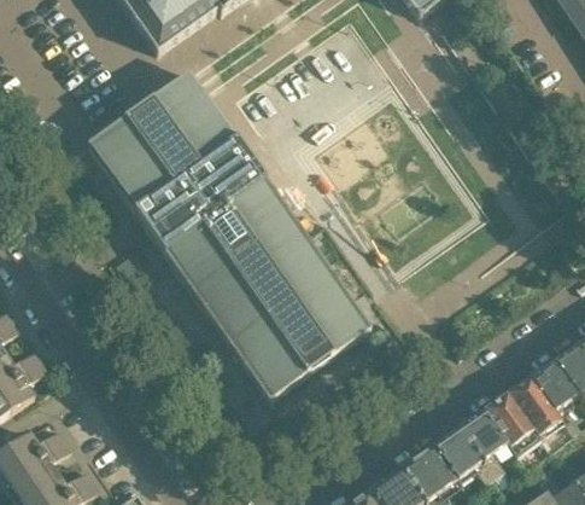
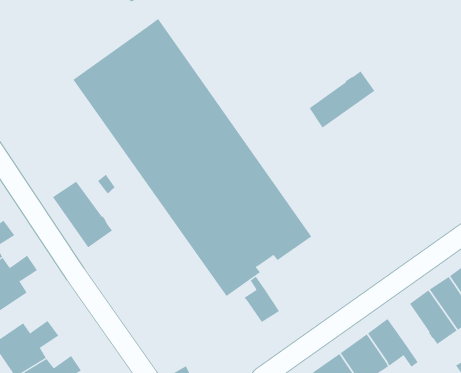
building: none -> [309,70,375,129]
building: none -> [52,181,113,248]
building: none -> [244,276,280,323]
building: [458,408,509,477] -> none

